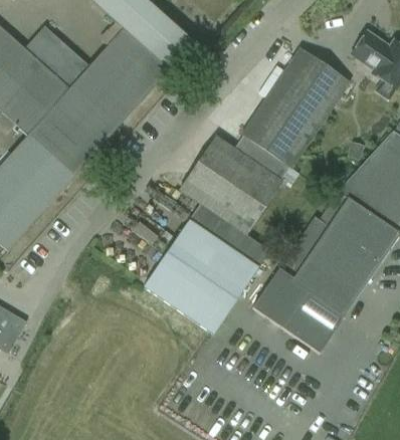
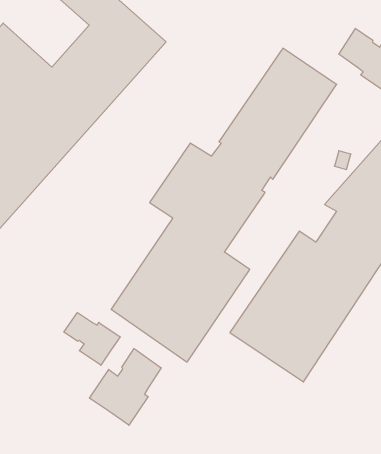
building: none -> [64,313,120,365]
building: none -> [89,349,161,425]

